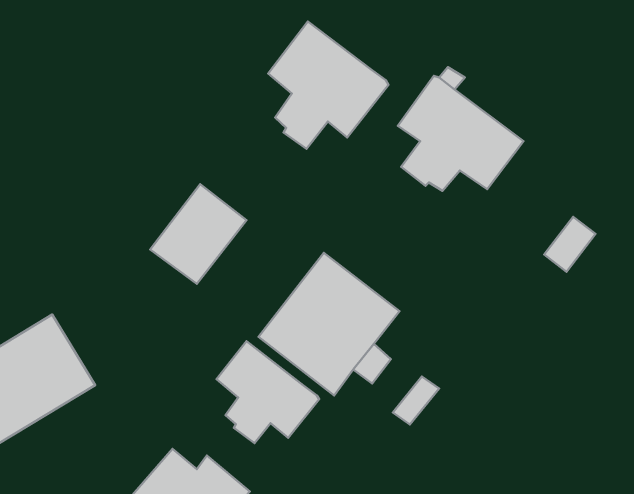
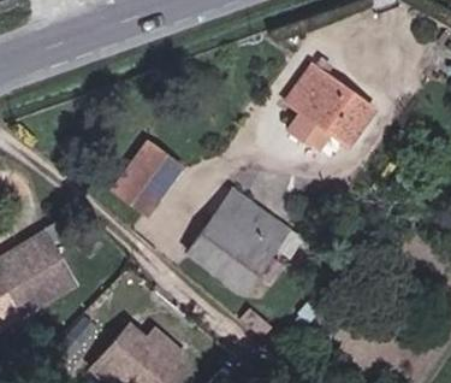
building: [268,21,388,149] -> none
building: [217,341,319,443] -> none

